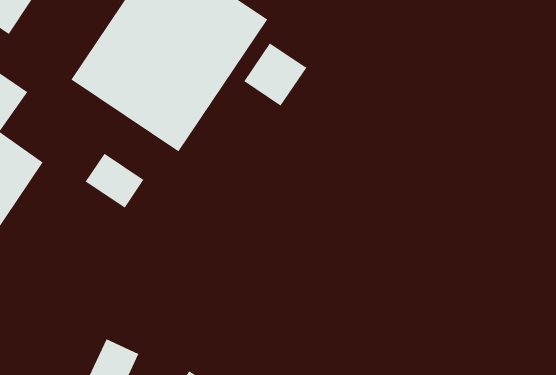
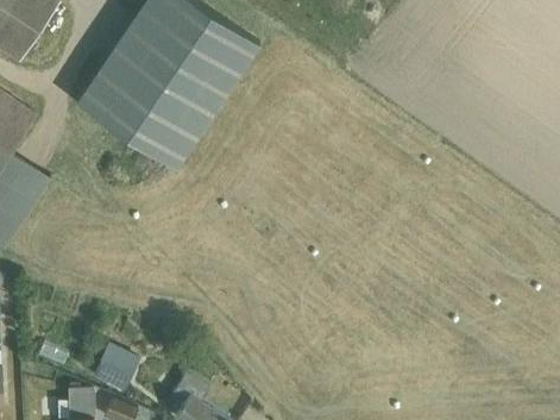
building: [243,42,307,107] -> none
building: [85,153,144,208] -> none

